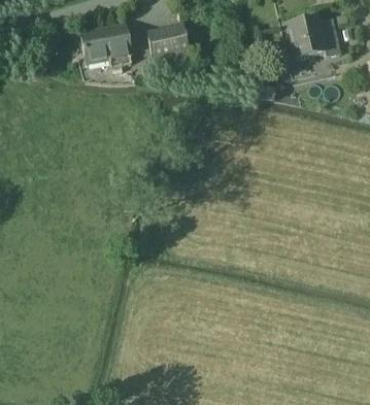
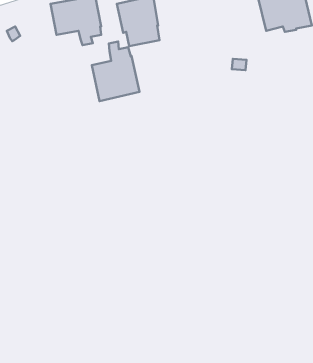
building: none -> [92,42,139,101]

